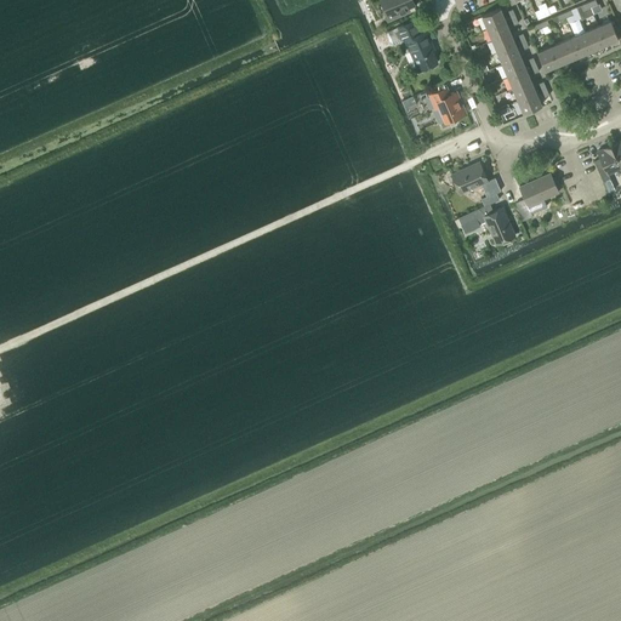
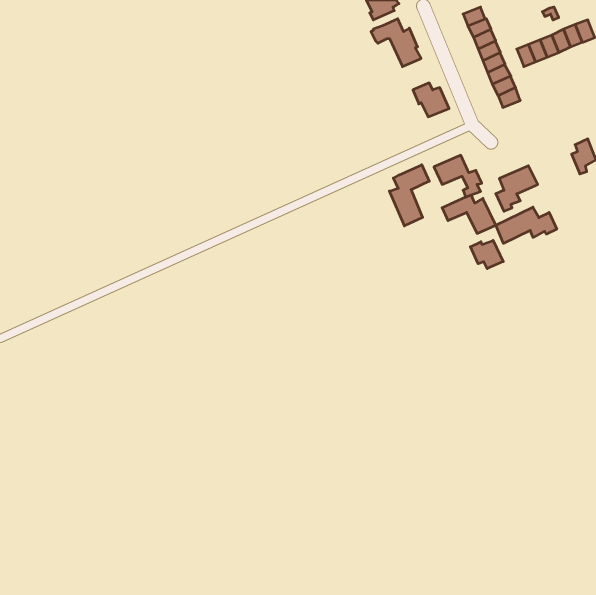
building: none -> [389,165,429,226]
building: none -> [496,207,557,243]
building: none -> [470,240,503,269]

